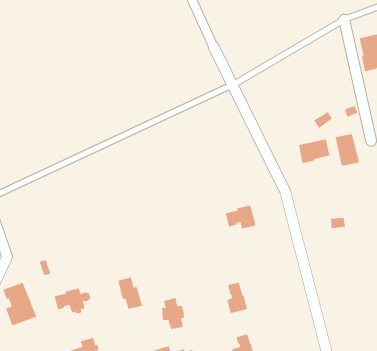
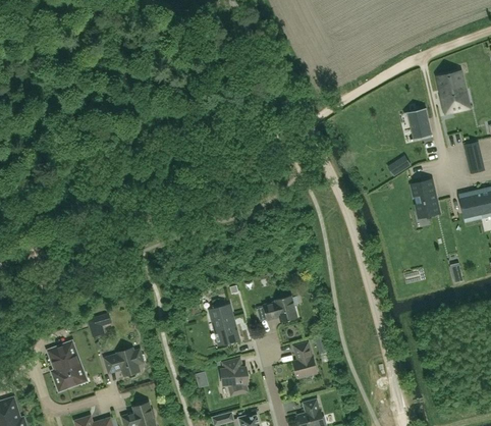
building: none -> [403,108,432,141]
building: [299,138,330,164] -> none
building: [225,205,257,229] -> [263,296,297,322]
building: [118,277,143,310] -> [211,307,238,342]

